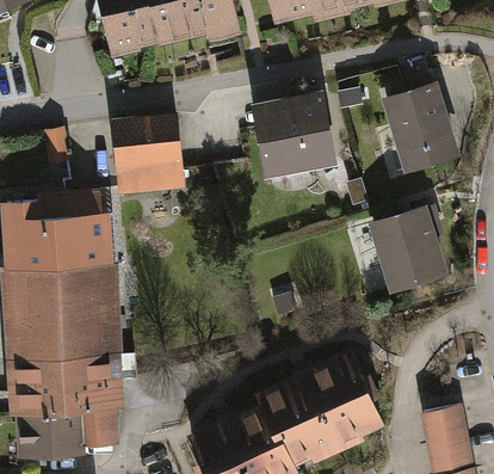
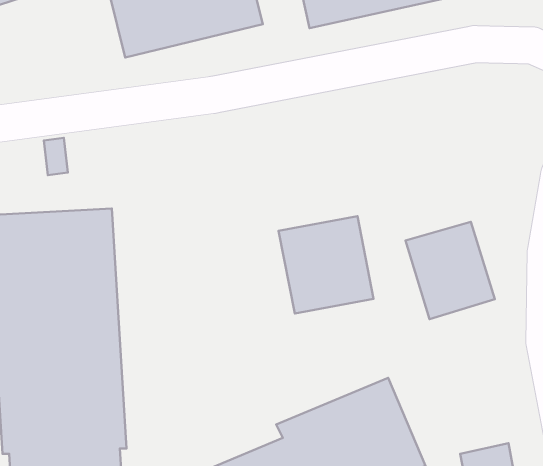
building: [385,78,465,171] -> none
building: [255,90,340,177] -> [279,216,373,313]
building: [110,112,183,191] -> none

